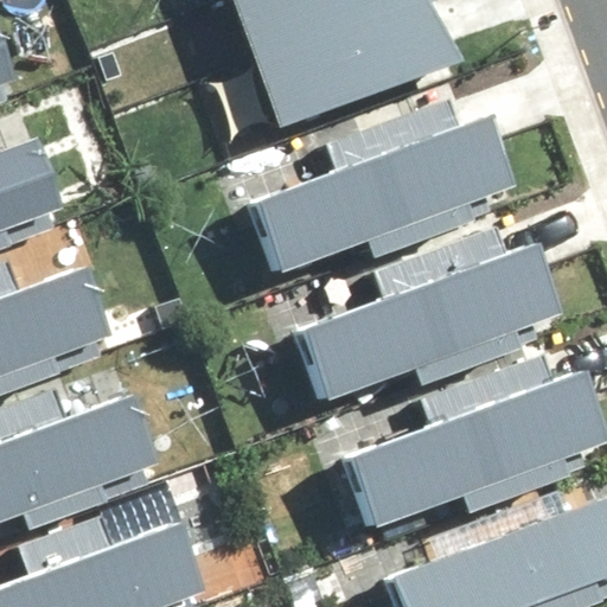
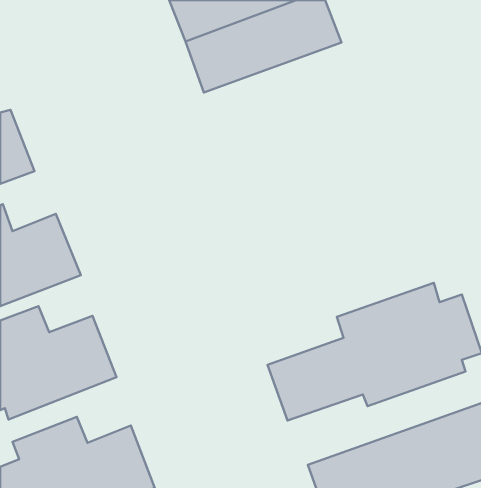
building: [251,101,516,270] -> none
building: [298,229,562,398] -> none

